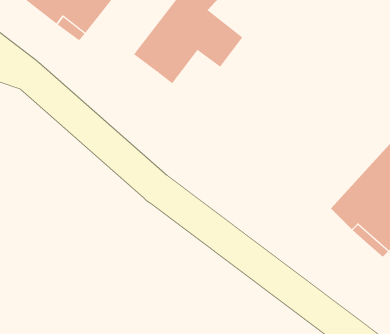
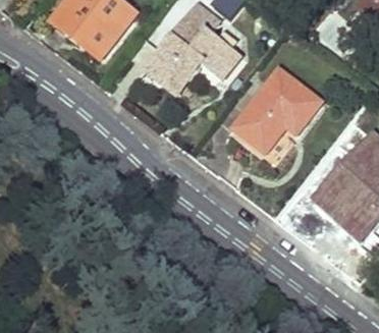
building: none -> [233,67,320,151]

